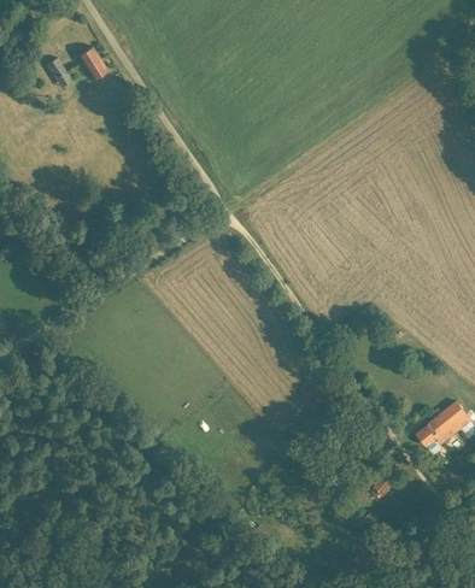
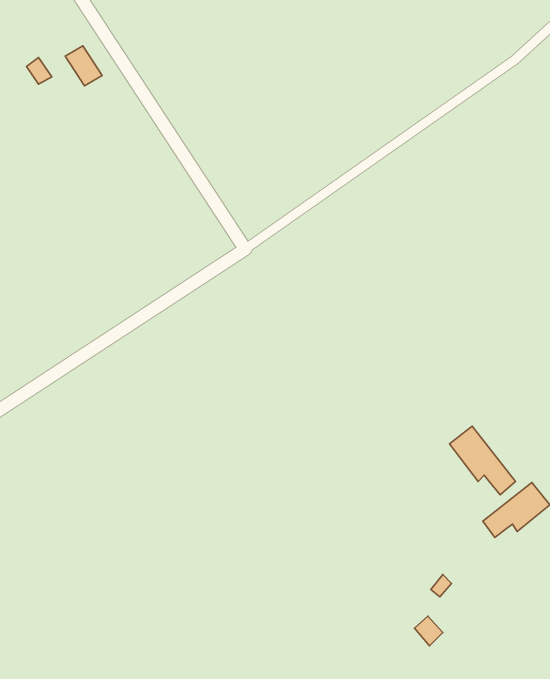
building: none -> [449,426,516,495]

